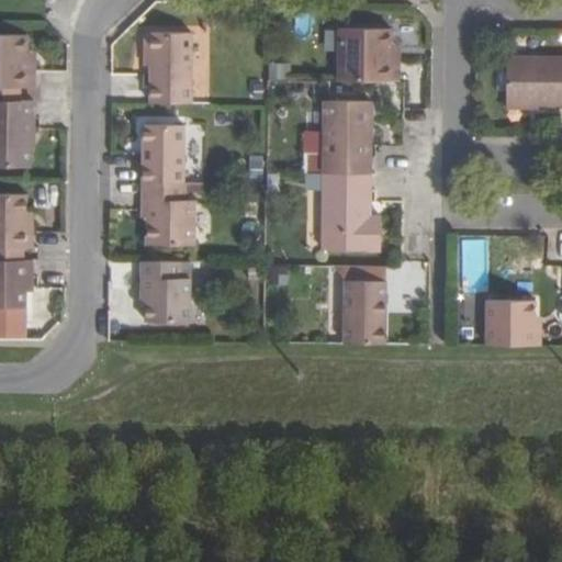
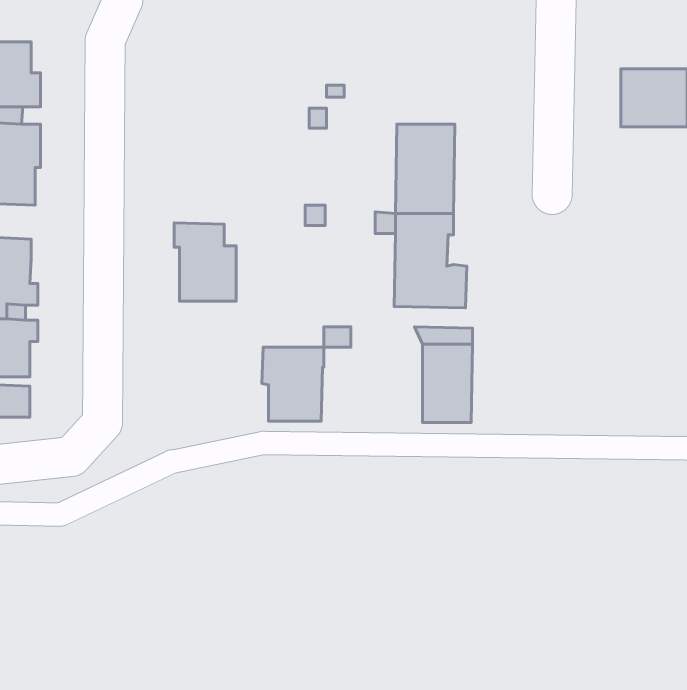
building: [337,29,397,81] -> none
building: [149,33,190,103] -> none
building: [142,124,182,182] -> none
building: [150,261,201,322] -> [262,347,324,421]
building: [484,300,539,346] -> none

